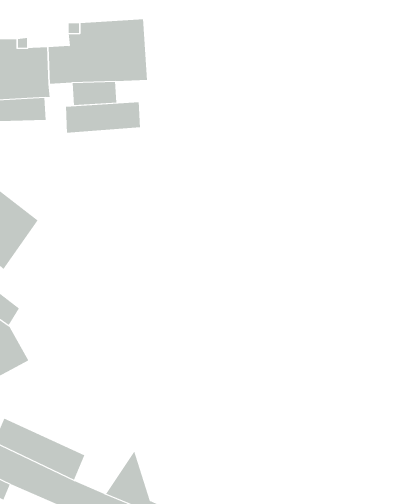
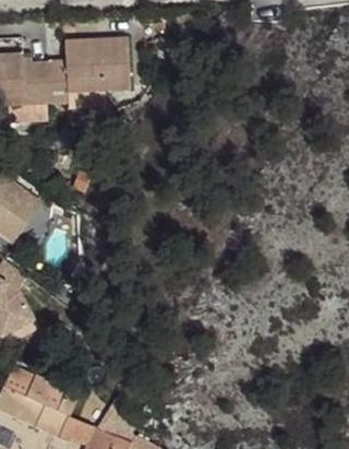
building: [66,102,141,133] -> none

